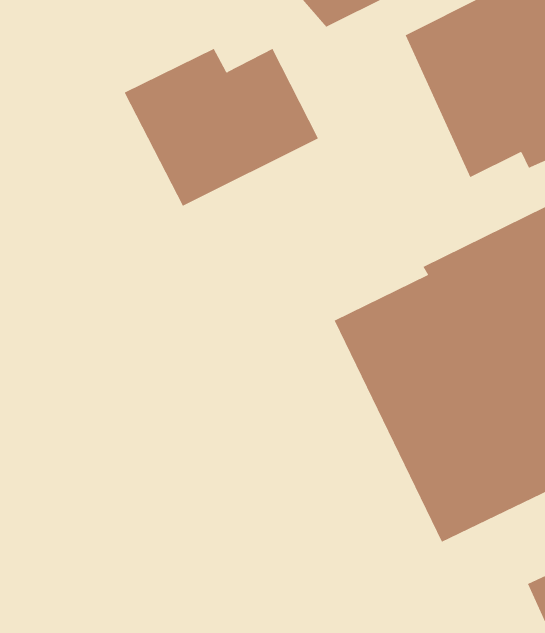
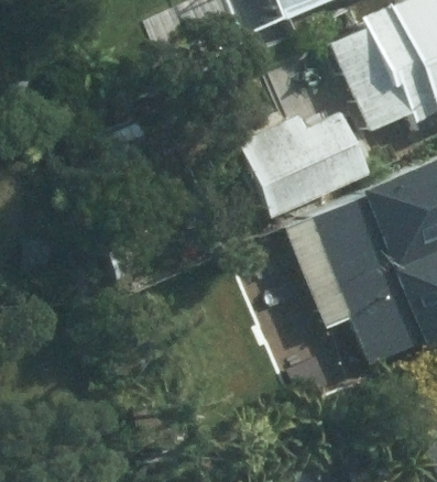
building: [124,48,319,207] -> [222,112,358,222]

